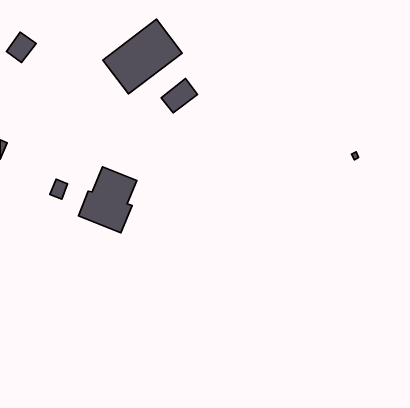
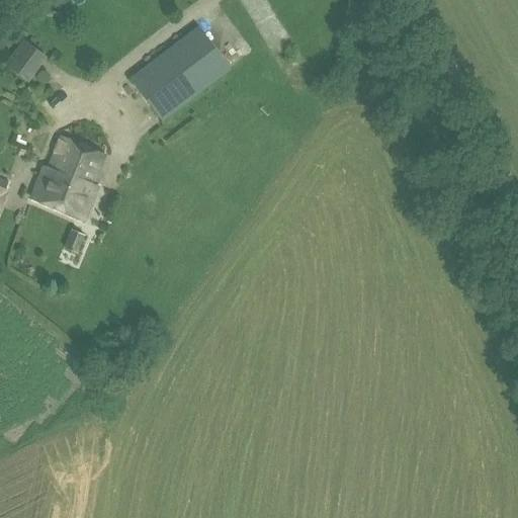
building: [161,79,197,113] -> none
building: [78,167,137,233] -> [30,136,104,219]

